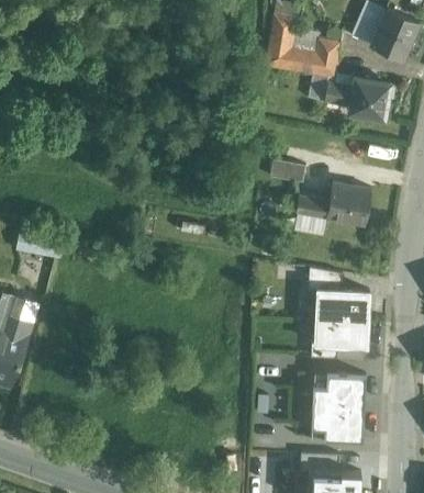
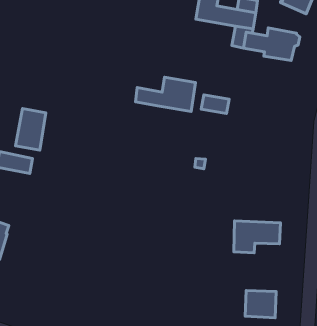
building: none -> [15,109,46,150]
building: [295,182,370,225] -> [136,77,196,111]
building: [308,268,371,320] -> none
building: [326,371,365,405] -> none

